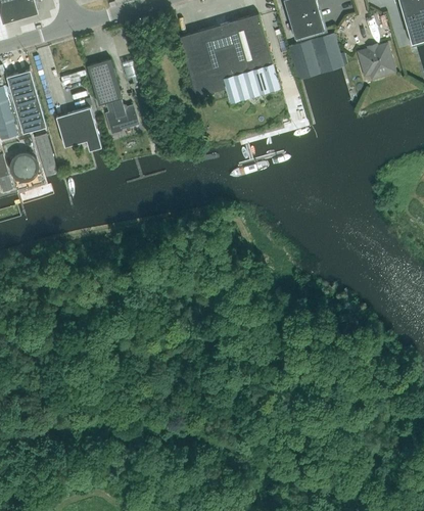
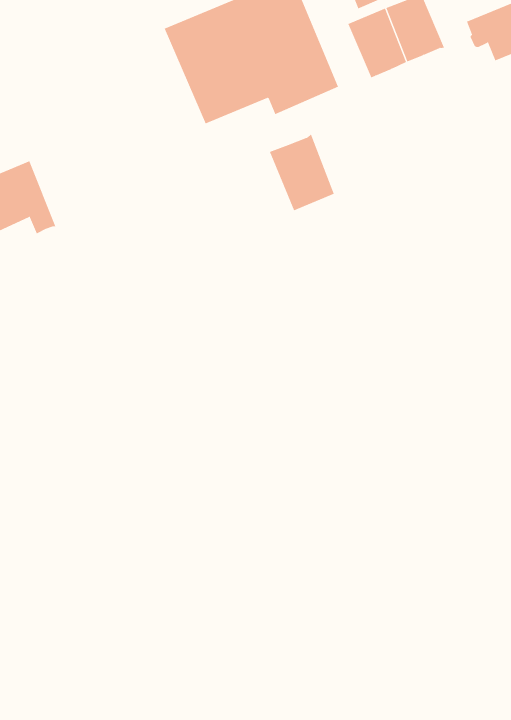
building: [86,58,137,133] -> none
building: none -> [269,134,334,211]

